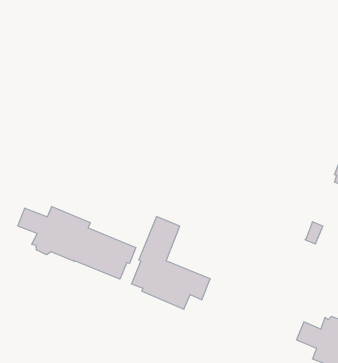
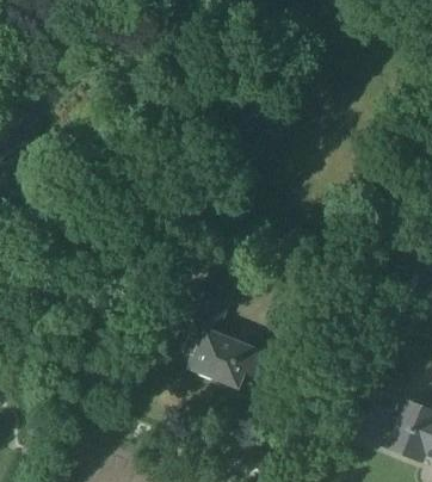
building: [18,206,136,279] -> none

